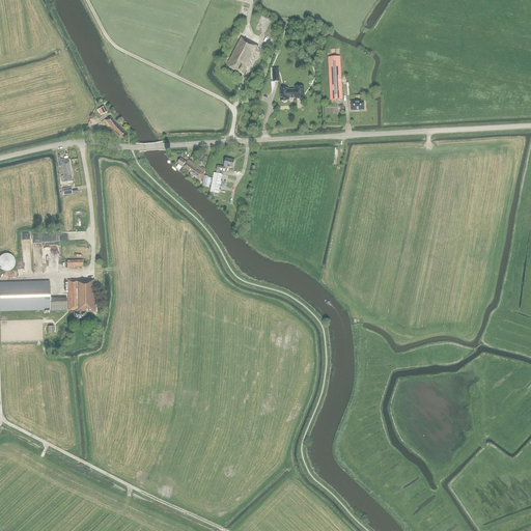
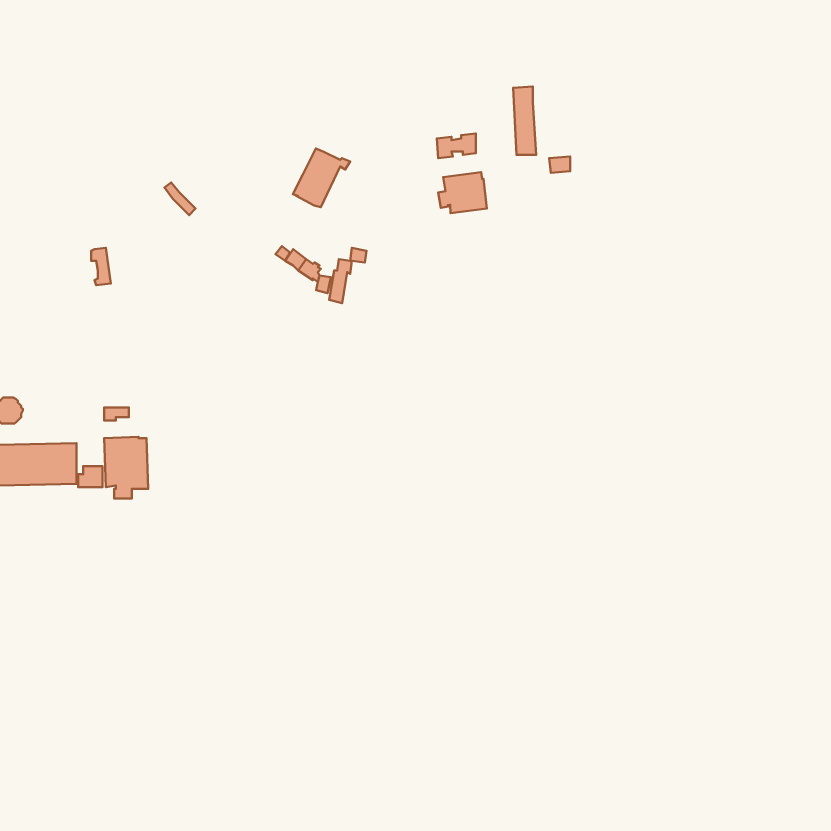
building: [225,36,261,74] -> [293,148,350,207]
building: none -> [438,172,487,213]

